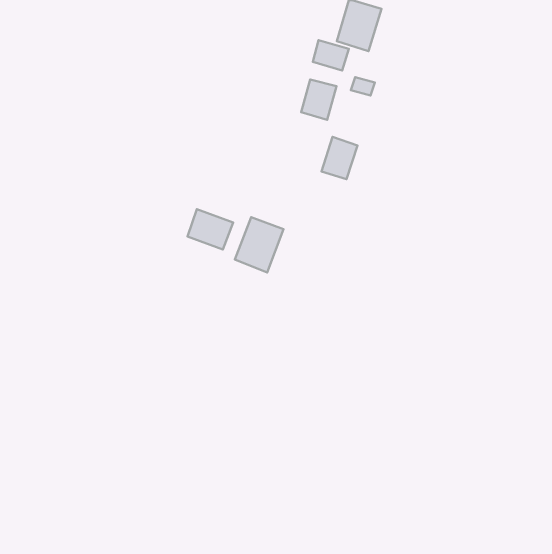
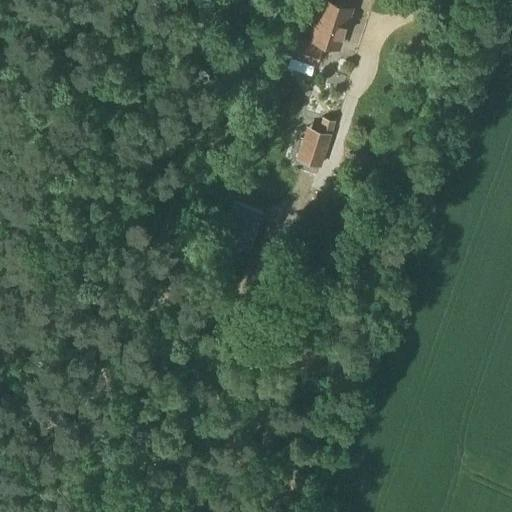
building: [301,80,337,120] -> none
building: [187,209,233,249] -> none

